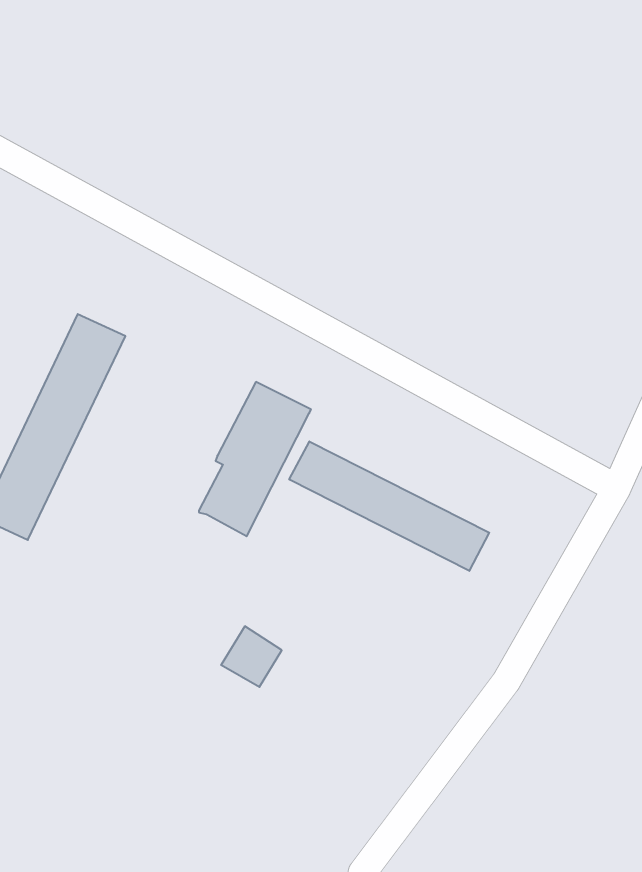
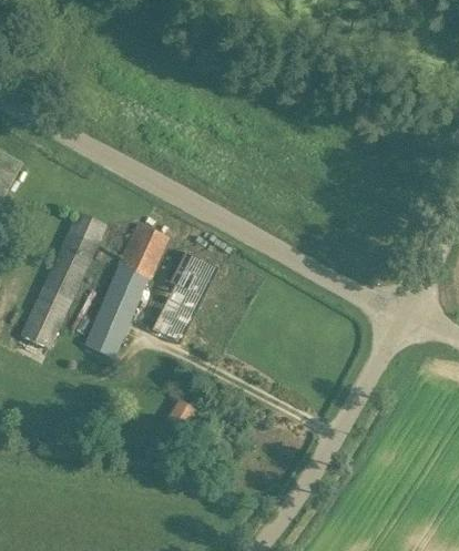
building: none -> [82,222,169,357]
building: [289,441,489,571] -> none

